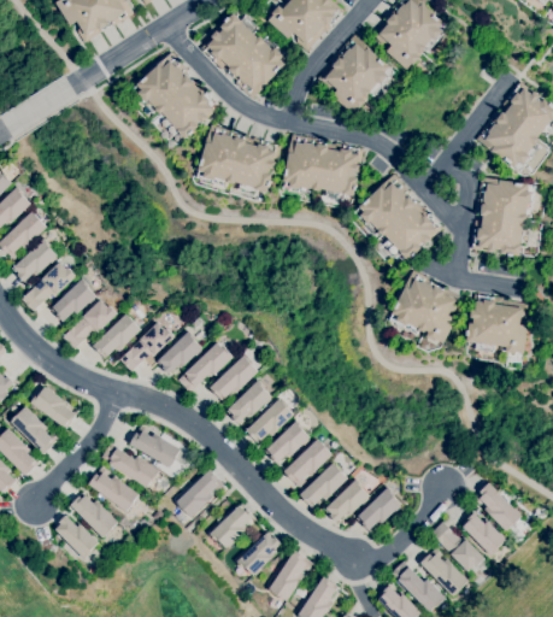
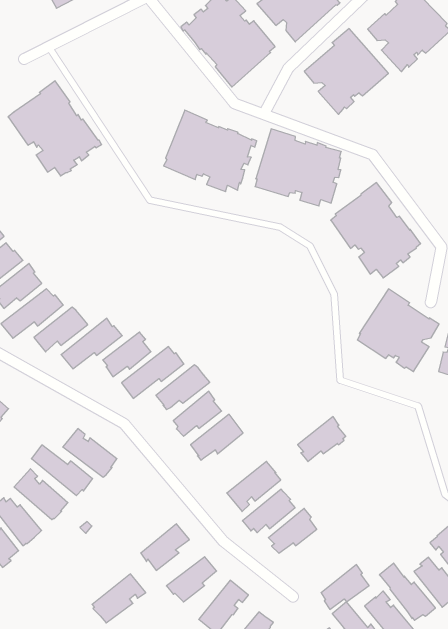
building: [131,52,219,139] -> [8,81,102,176]
building: [266,421,310,464] -> [298,417,346,462]
building: [176,470,224,517] -> [92,574,146,623]
building: [358,487,401,530] -> [321,565,369,609]

